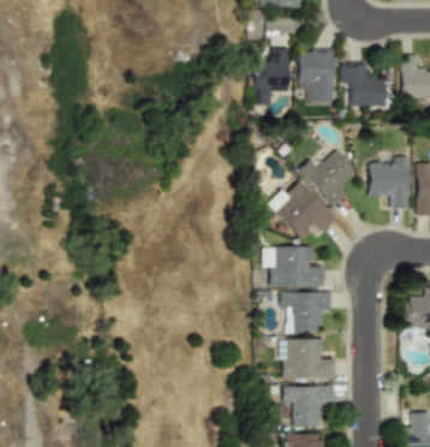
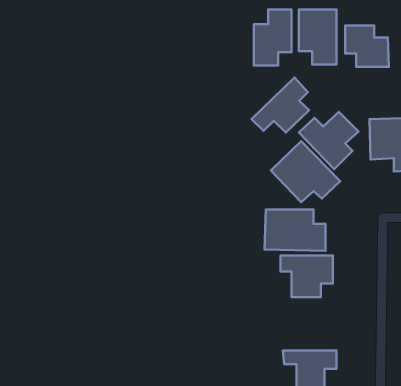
building: none -> [251,78,309,133]
building: [280,339,336,379] -> none

